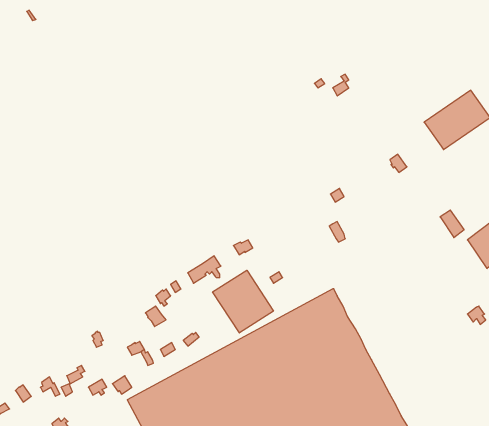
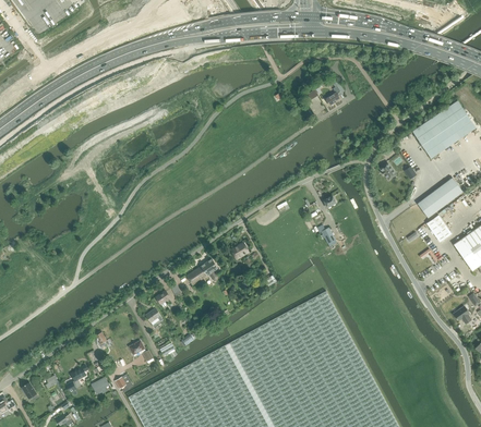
building: none -> [417,178,462,218]
building: [213,270,273,333] -> none

